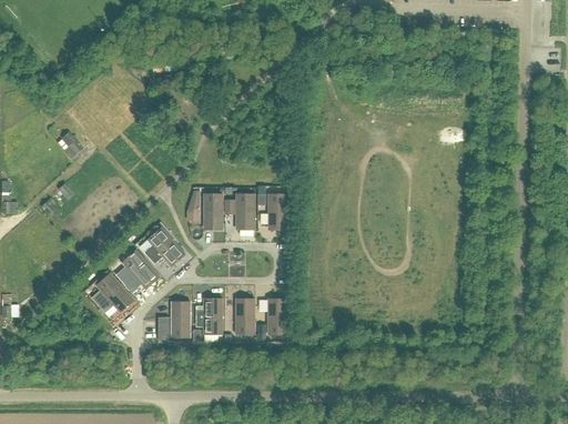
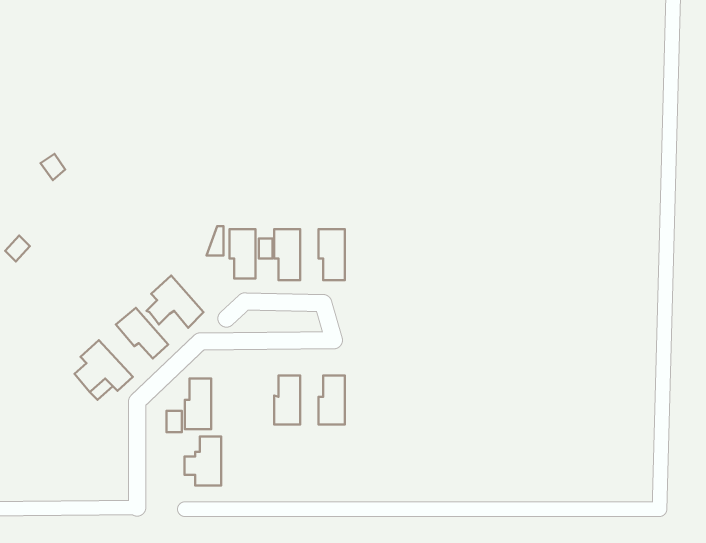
building: [195,297,222,333] -> [184,436,221,486]

